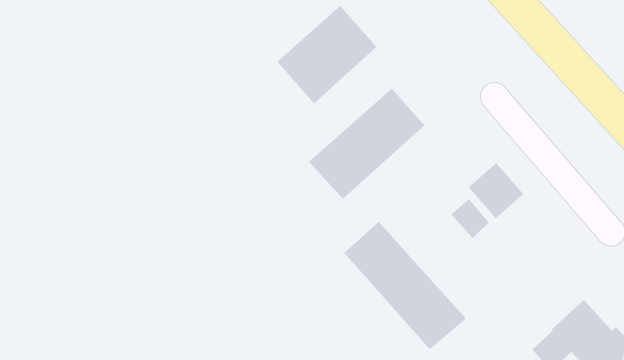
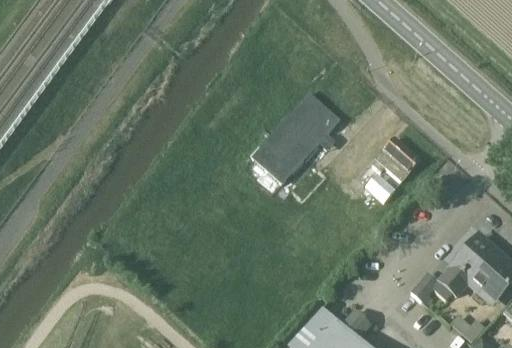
building: [277,5,377,104] -> none
building: [343,221,467,350] -> none

